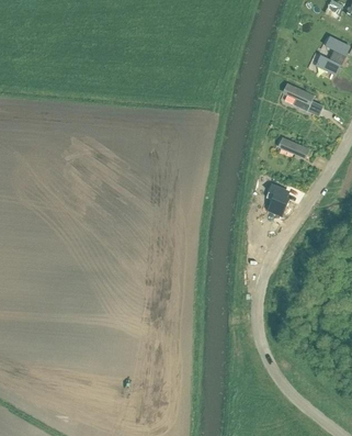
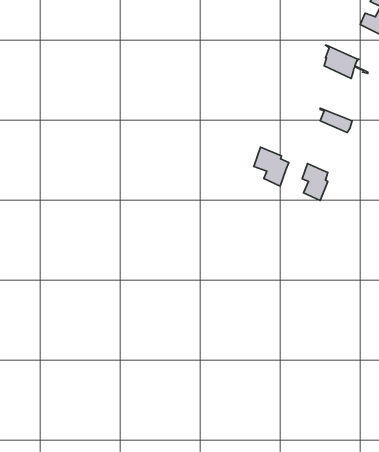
building: none -> [254,147,289,186]

